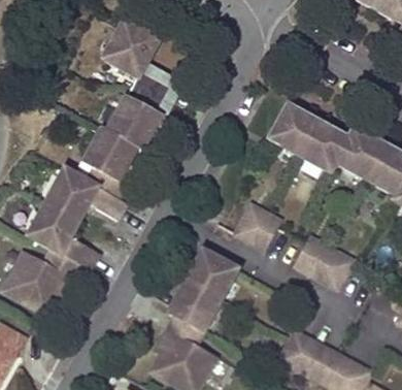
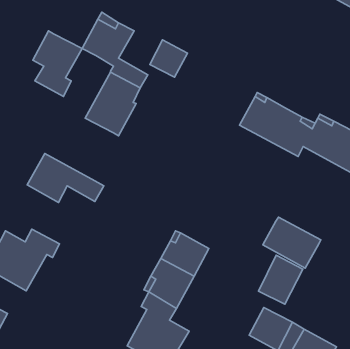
building: none -> [150,40,187,77]
building: [85,127,136,196] -> [33,31,82,97]
building: [27,200,98,267] -> none
building: [234,202,280,248] -> none
building: none -> [258,255,303,304]

